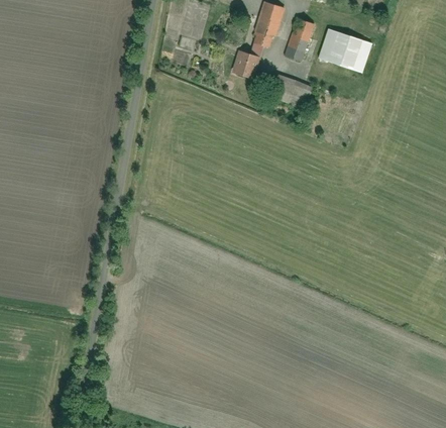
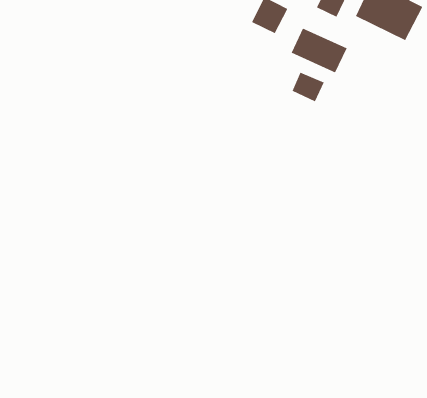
building: none -> [292,72,324,102]

